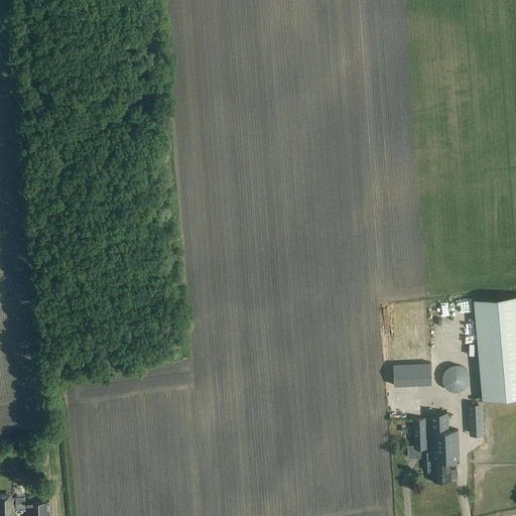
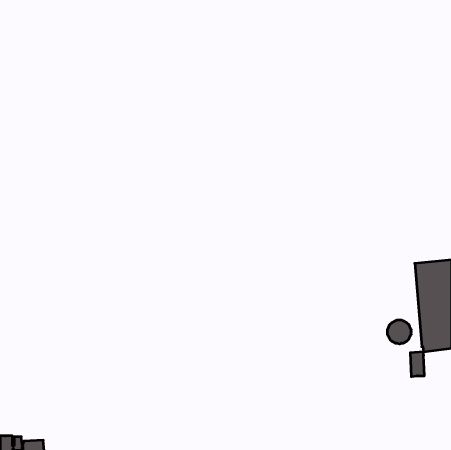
building: [394,364,432,387] -> none
building: [413,414,460,483] -> none

